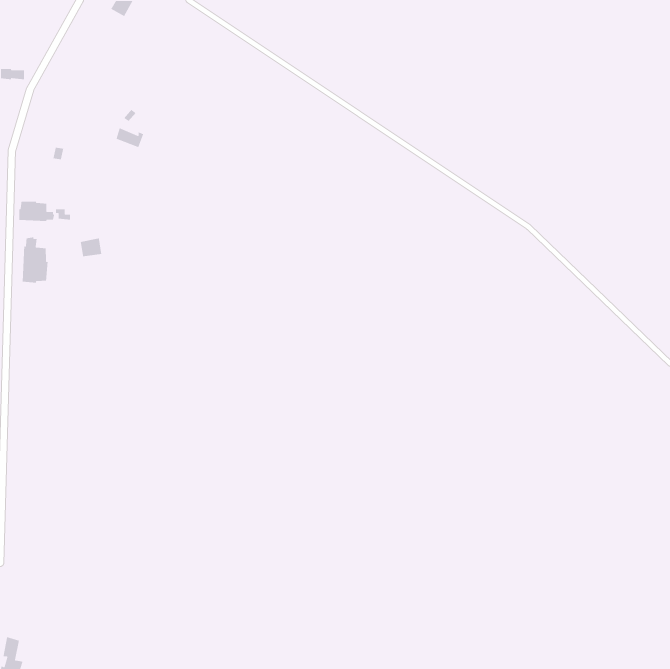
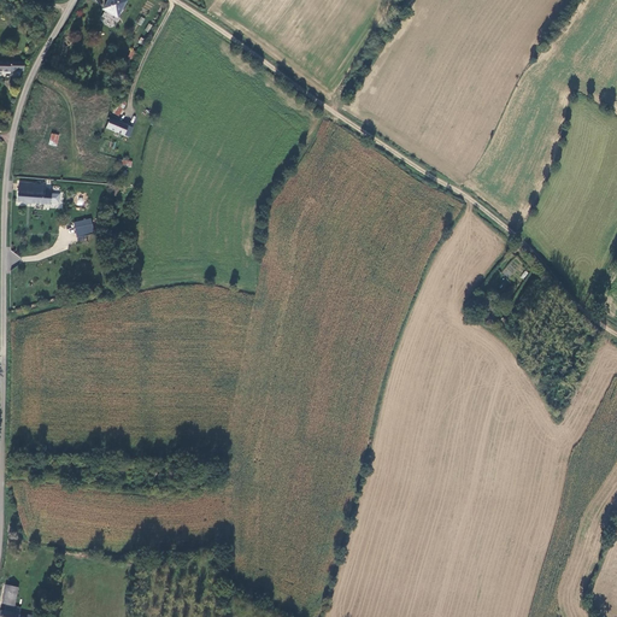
building: [22,237,48,284] -> none

